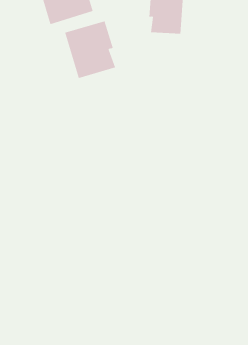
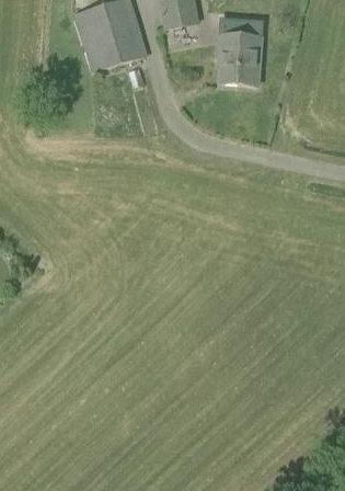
building: [64,21,116,79] -> none

